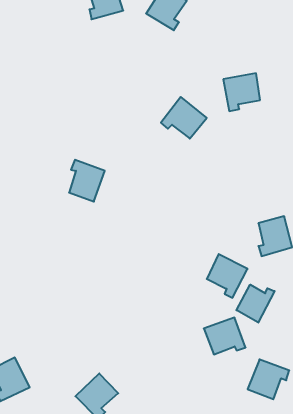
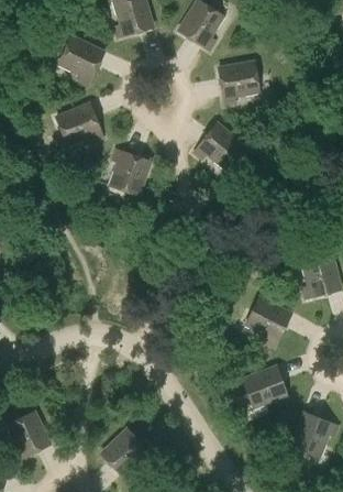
building: none -> [58,35,103,84]
building: [223,73,260,111] -> [218,61,258,102]
building: none -> [56,102,102,144]
building: [69,160,105,202] -> [110,149,150,195]
building: [236,285,275,323] -> none

